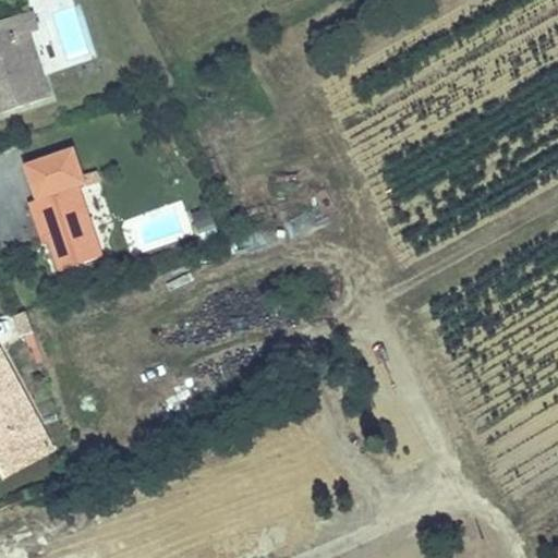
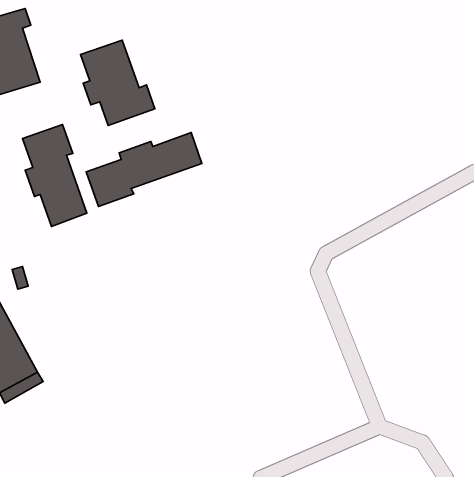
building: none -> [80,40,155,126]
building: none -> [86,133,202,206]

